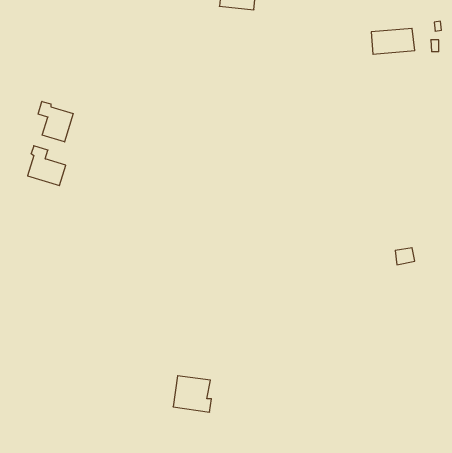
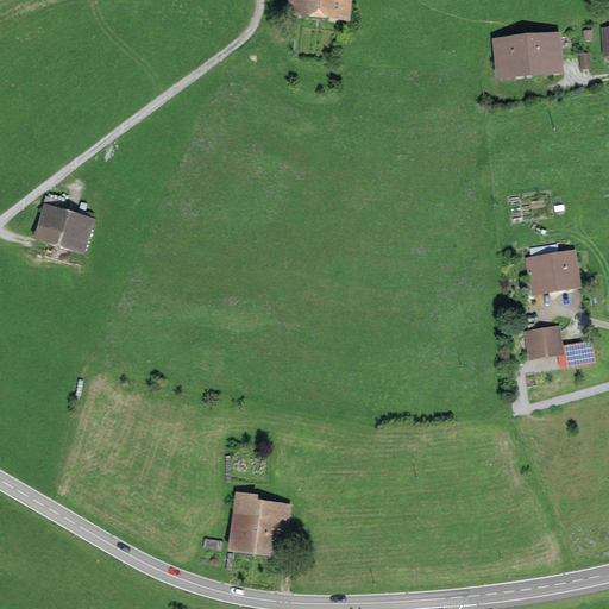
building: [38,101,73,142] -> none
building: none -> [528,257,573,291]

